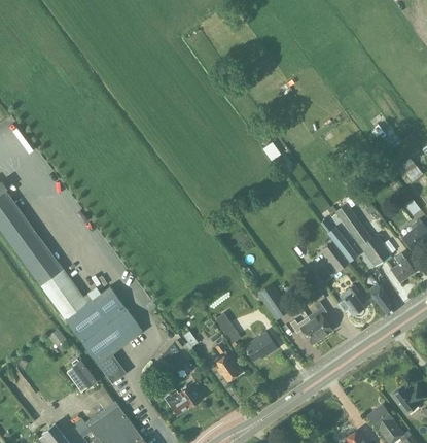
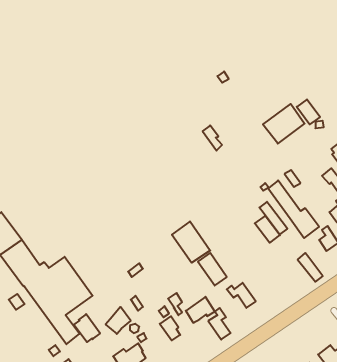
building: none -> [263,104,305,144]
building: none -> [172,221,210,263]
building: [336,286,365,315] -> none
building: [308,302,332,337] -> [208,308,231,340]
building: [68,361,97,391] -> [74,314,100,342]

